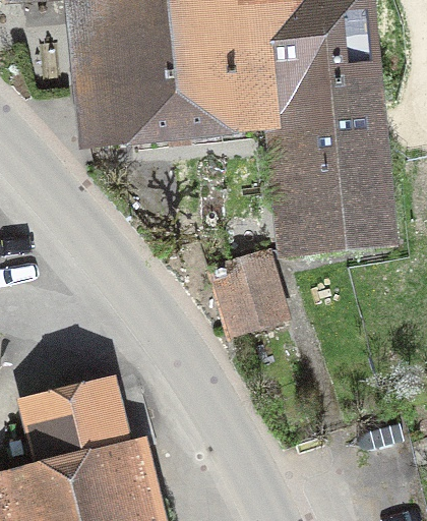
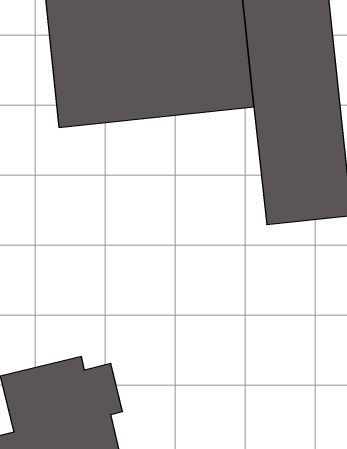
building: [212,251,285,330] -> none

